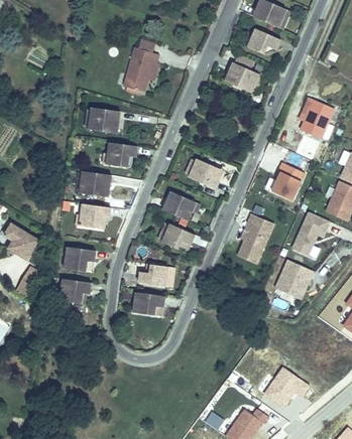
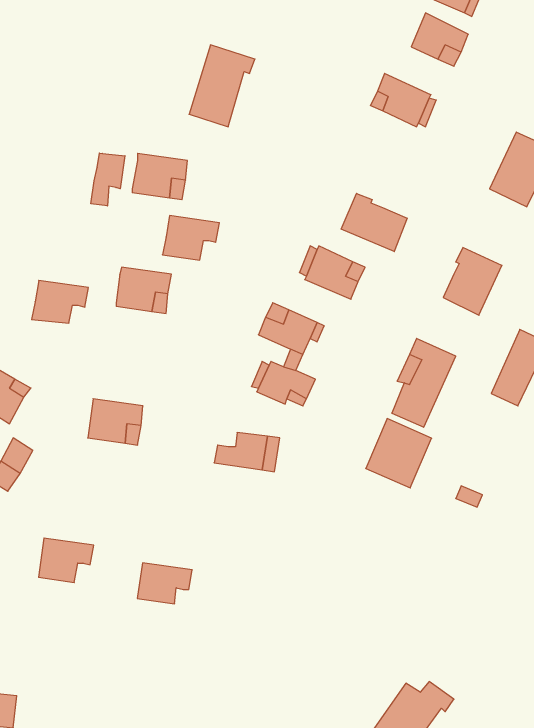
building: none -> [91,153,125,206]
building: none -> [341,193,407,252]
building: [80,204,112,229] -> [32,280,88,323]
building: [271,259,309,298] -> [366,419,432,488]
building: [61,279,92,304] -> [39,538,94,583]
building: [131,293,162,316] -> [137,563,192,604]
building: [265,365,310,406] -> none

